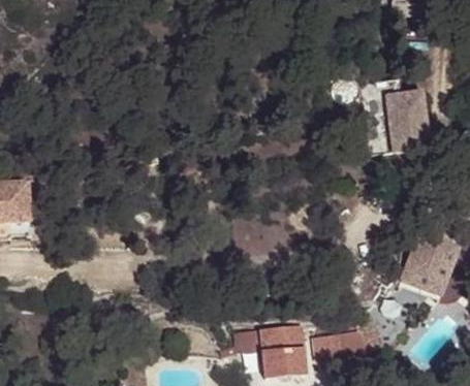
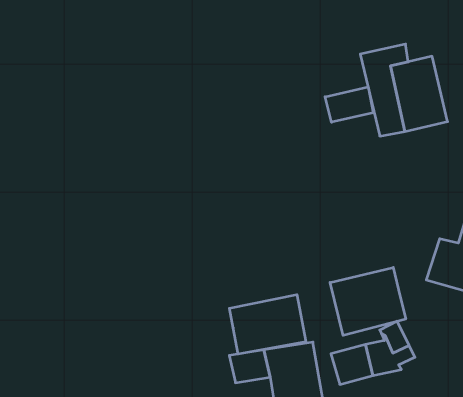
building: none -> [325,87,373,122]
building: none -> [330,267,406,335]
building: none -> [229,295,306,354]

